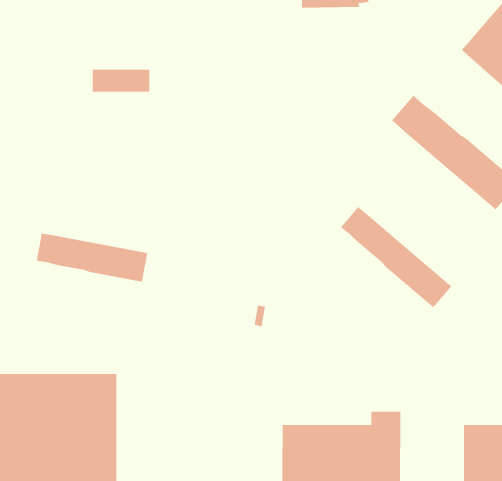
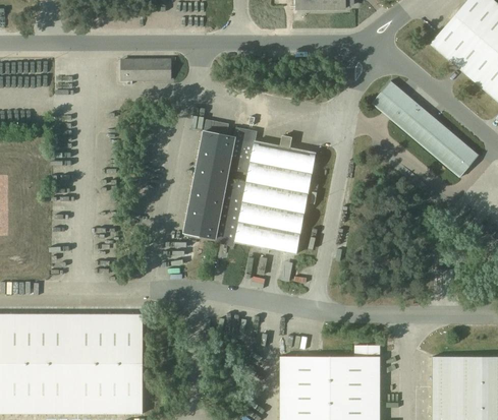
building: none -> [183,120,316,254]
building: [340,206,452,308] -> none
building: [36,233,148,282] -> none

